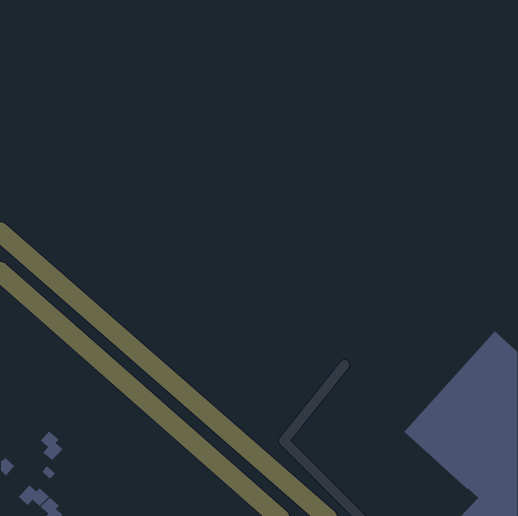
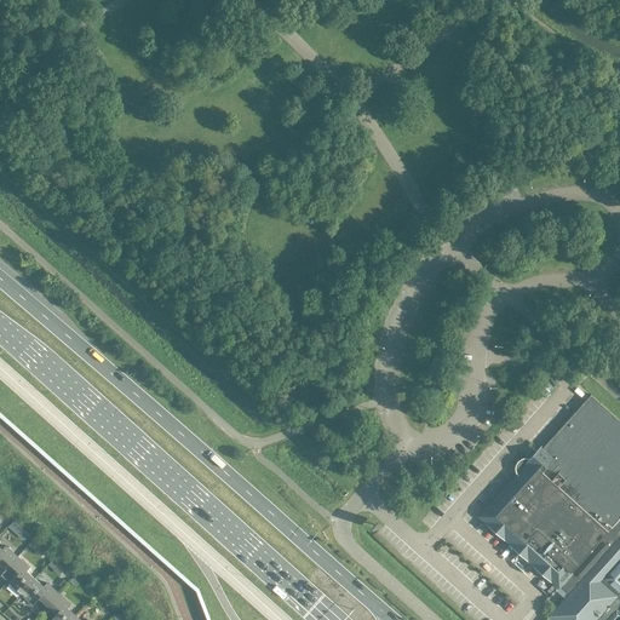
building: [40,431,63,461] -> [7,559,35,596]

